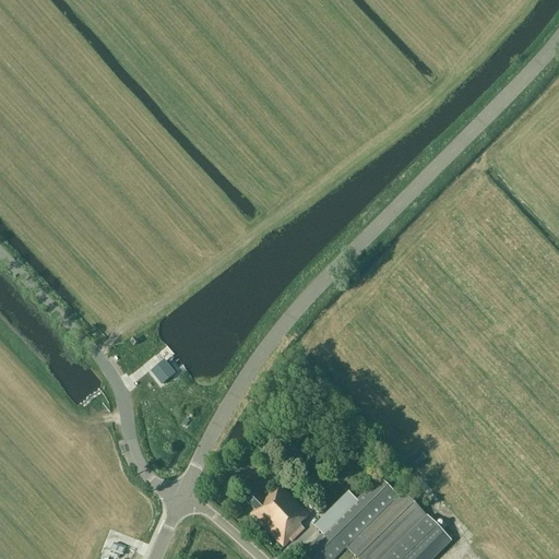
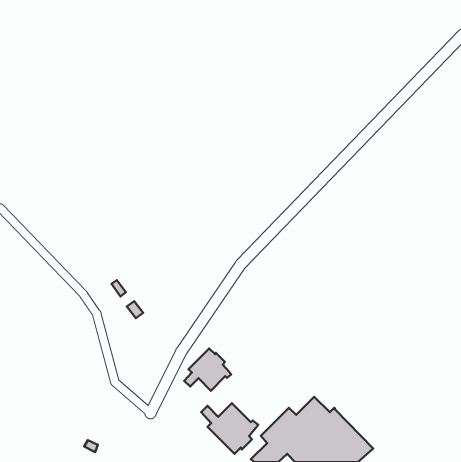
building: none -> [184,348,231,391]

